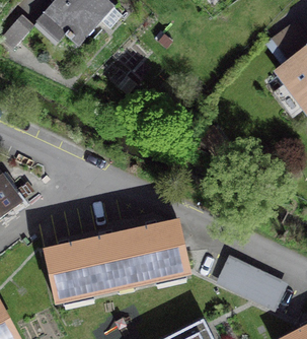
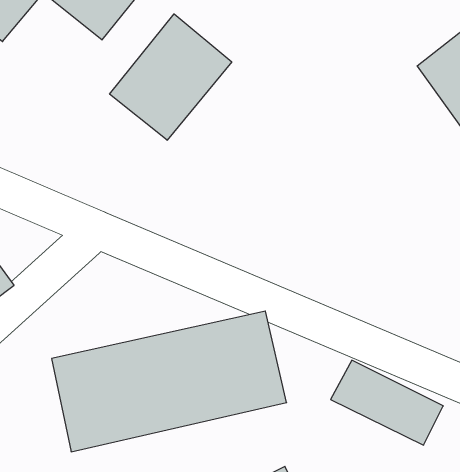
building: none -> [110,14,232,140]

